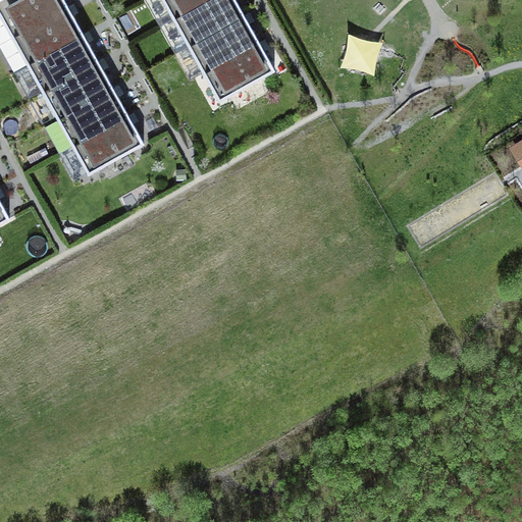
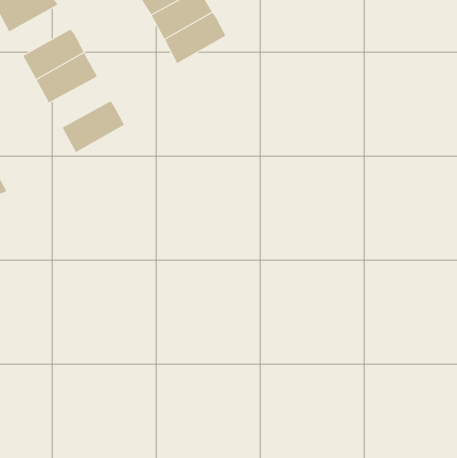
building: [10,5,81,63] -> none
building: [337,33,381,73] -> none
building: [201,41,272,100] -> none
building: [55,87,126,145] -> none

